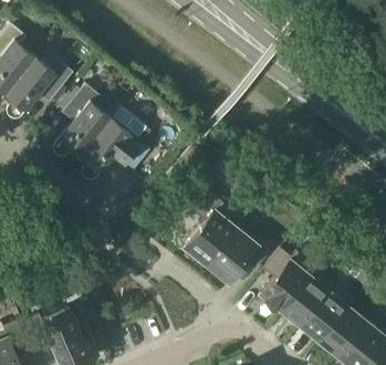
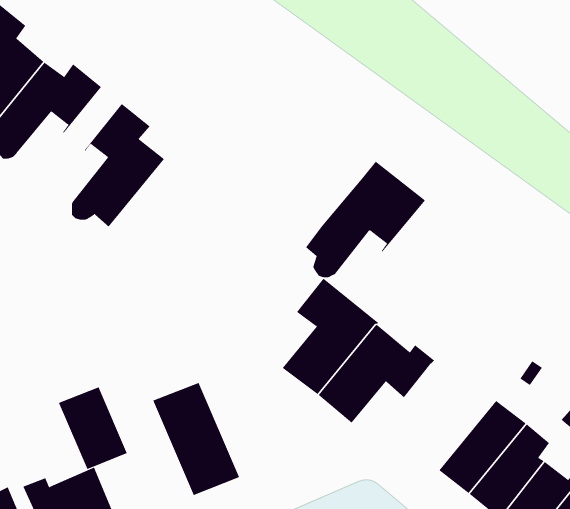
building: [76,108,150,180] -> [305,161,426,278]
building: [259,249,314,311] -> none
building: none -> [153,382,240,496]
building: none -> [58,386,128,470]

